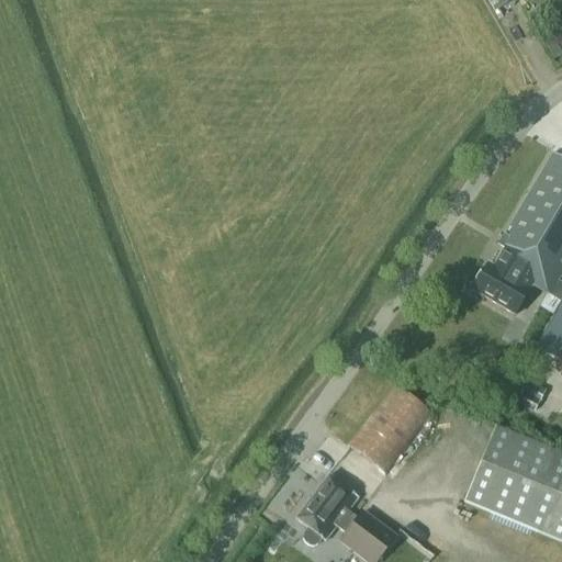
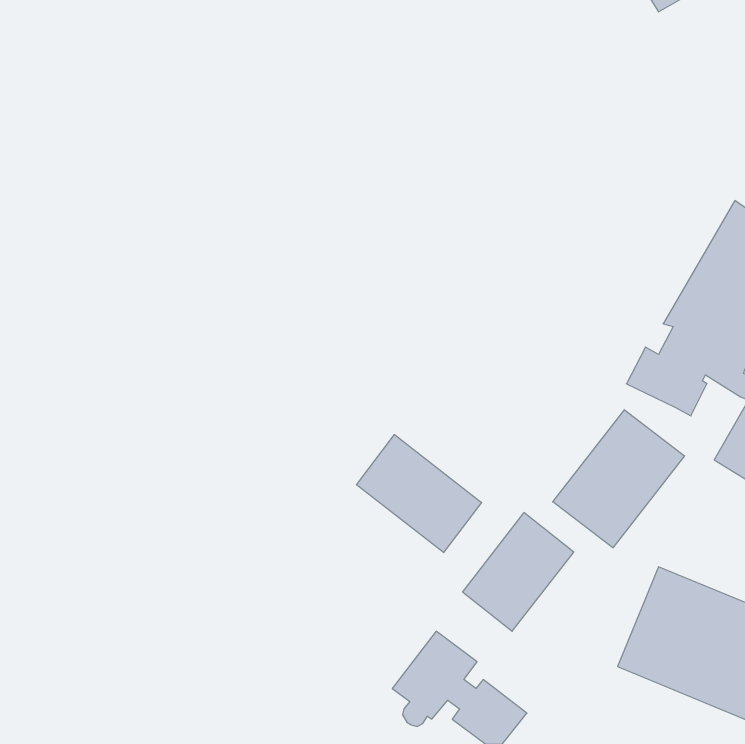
building: none -> [553,410,685,548]
building: none -> [356,435,482,553]

